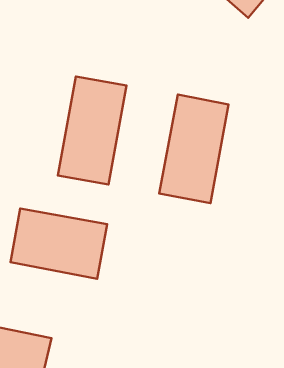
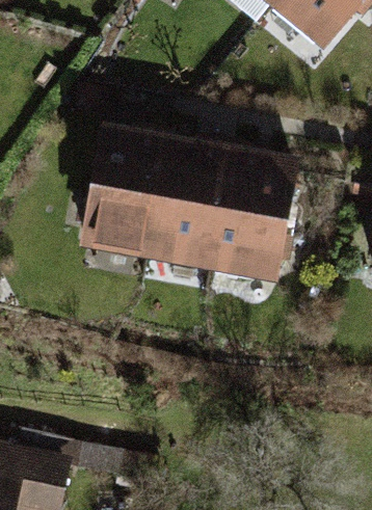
building: none -> [143,136,232,273]
building: [11,208,107,279] -> none

